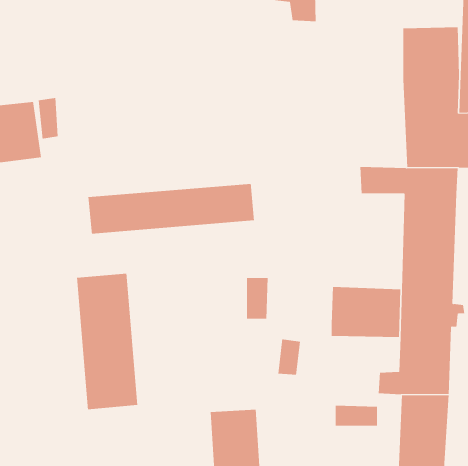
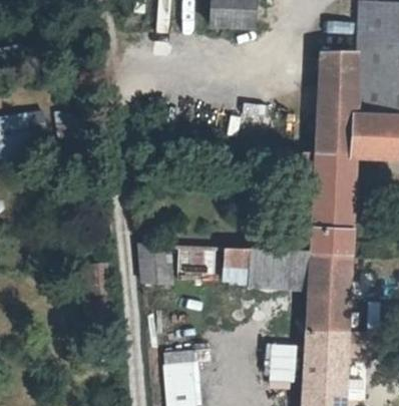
building: [88,183,255,235] -> none
building: [76,273,138,410] -> none
building: none -> [140,248,174,284]
building: none -> [226,251,258,281]

